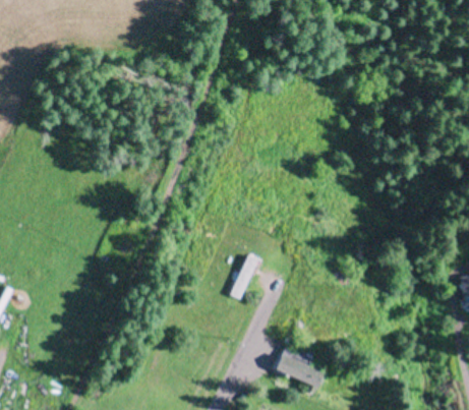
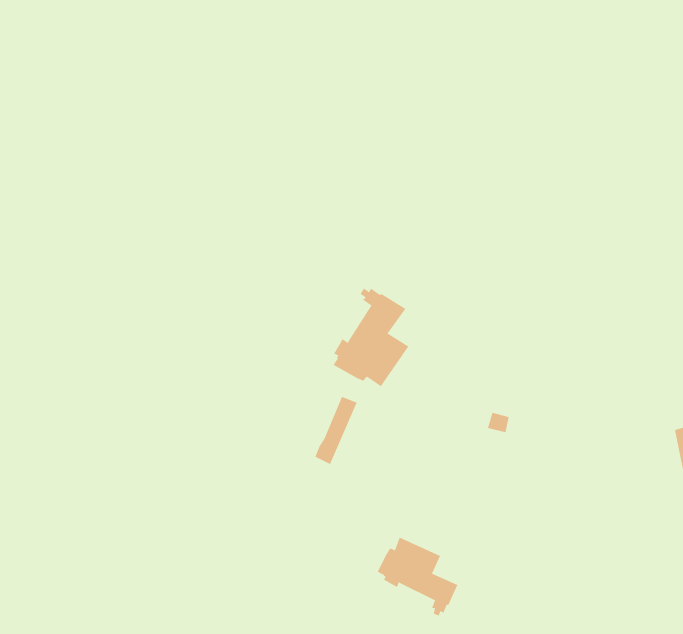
building: none -> [333,287,409,387]

